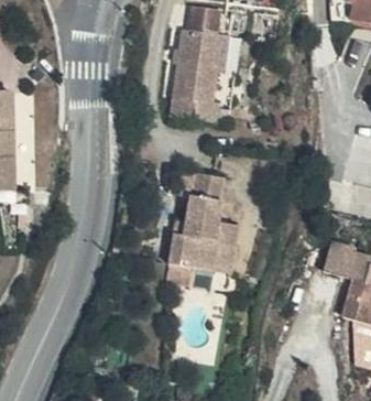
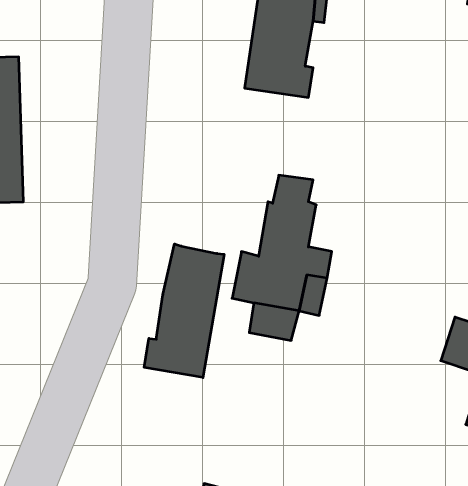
building: none -> [144,244,224,378]

